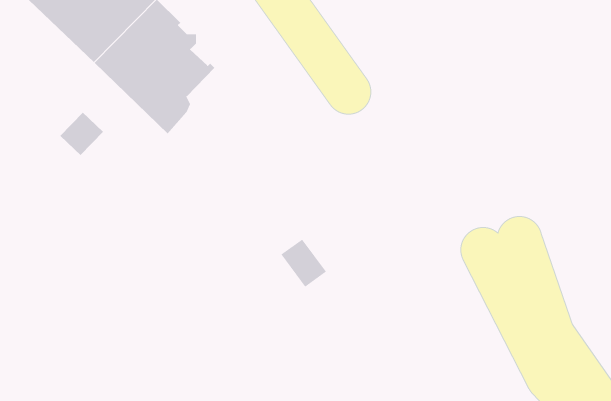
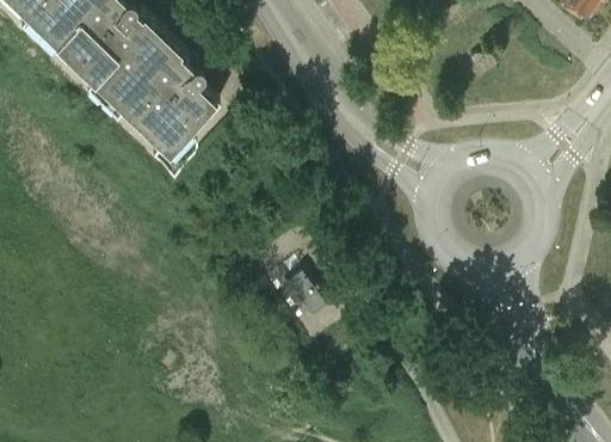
building: [60,112,104,156] -> none

